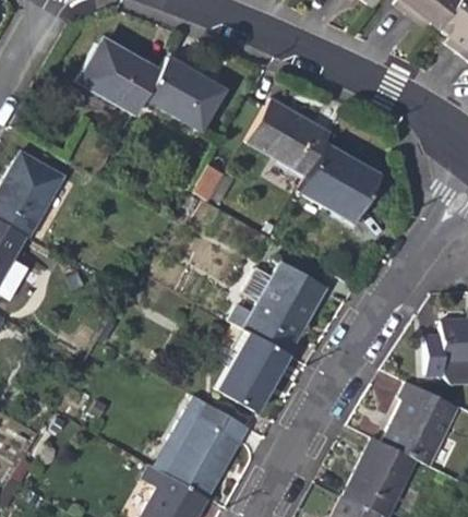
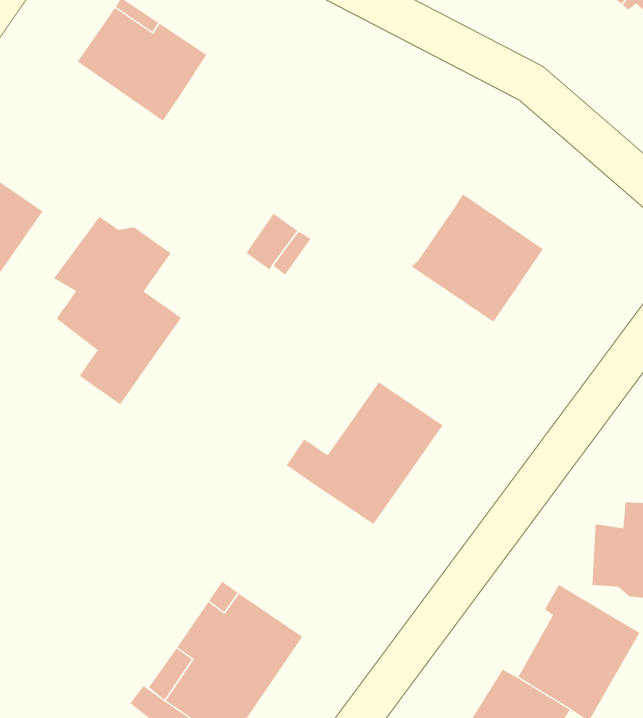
building: [144,56,226,130] -> none
building: [248,100,331,188] -> none
building: none -> [53,216,182,405]
building: [218,333,287,410] -> none

